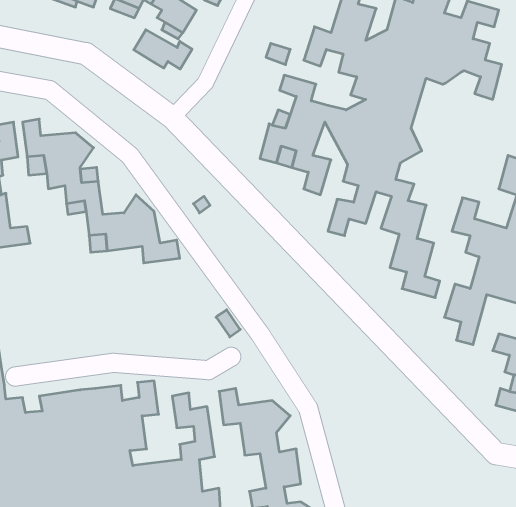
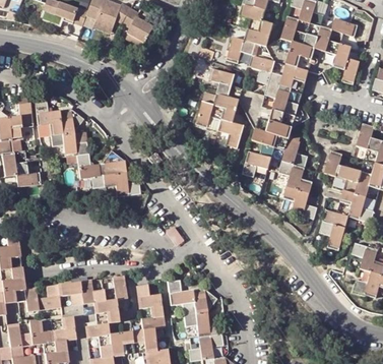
building: [134,30,192,69] -> none

